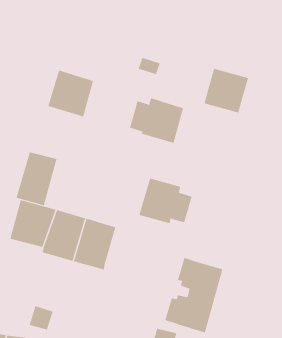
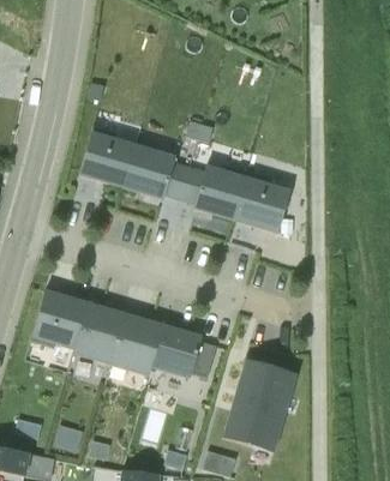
building: [204,68,249,113] -> [234,178,289,233]
building: none -> [124,144,188,202]
building: [16,151,57,206] -> none
building: [139,178,193,224] -> [150,323,216,379]

